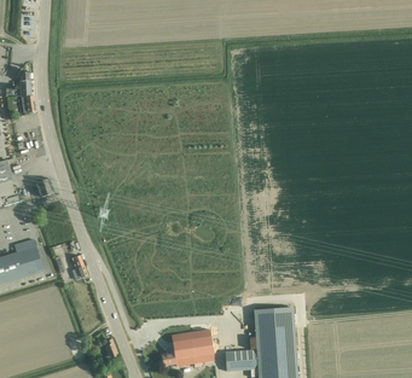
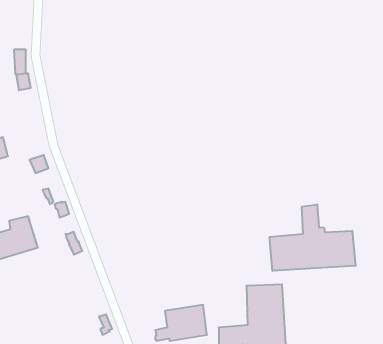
building: none -> [270,204,355,271]

